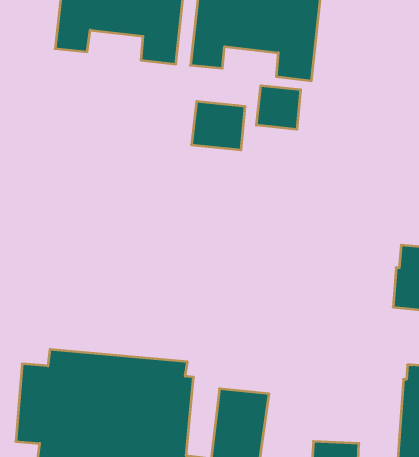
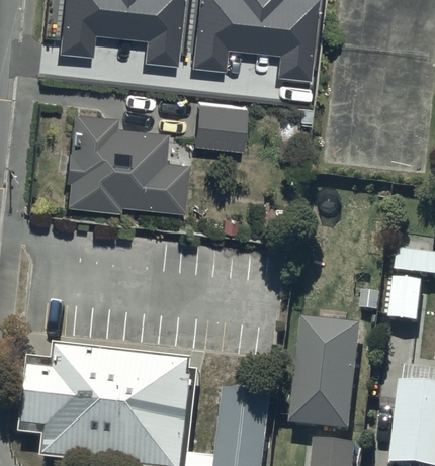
building: [256,86,301,129] -> none
building: none -> [65,115,189,214]
building: none -> [290,305,363,426]

